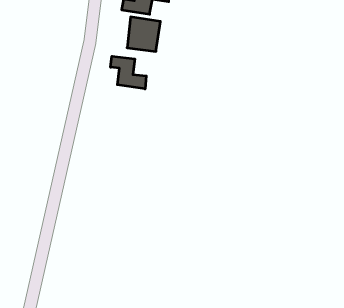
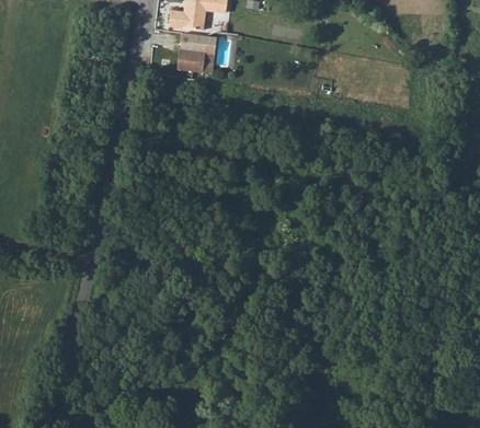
building: [111,56,146,89] -> none

